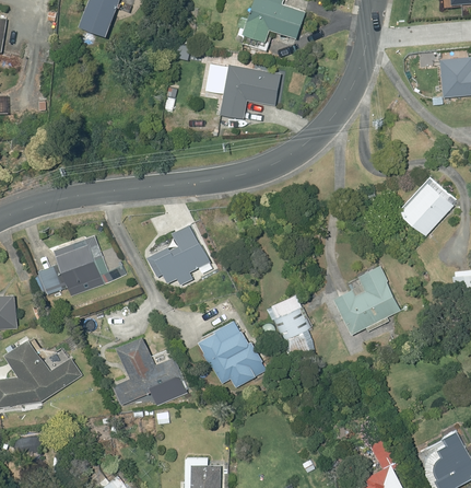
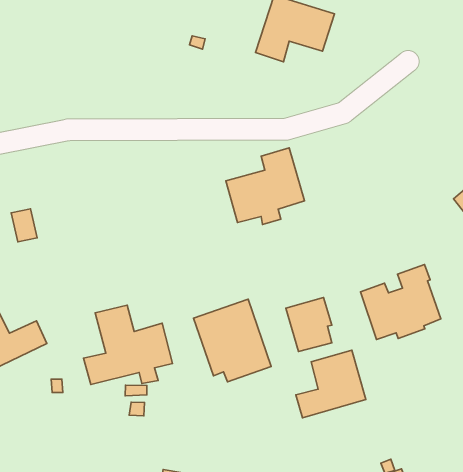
building: [144,220,211,287] -> [226,148,305,225]
building: [54,244,107,298] -> none
building: none -> [296,350,366,418]

